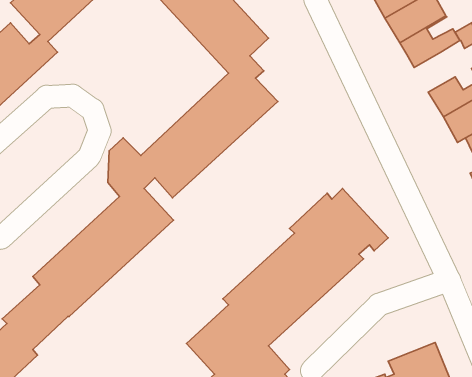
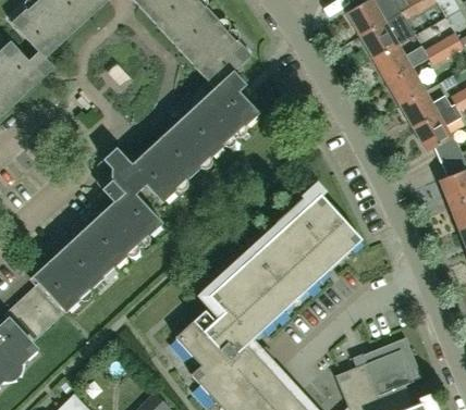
building: none -> [385,67,424,104]

